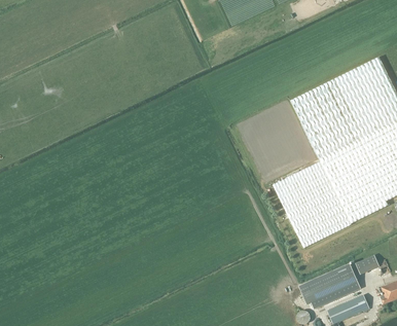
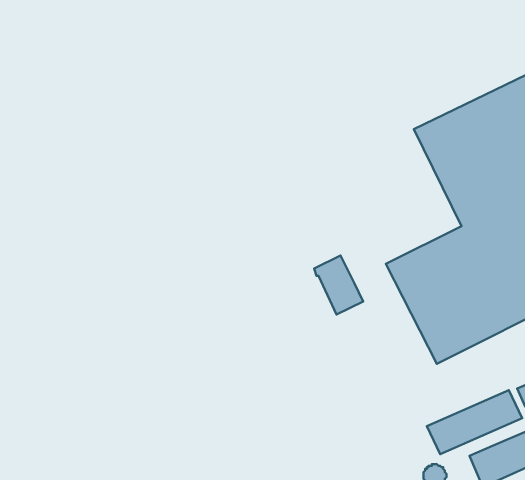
building: none -> [314,255,363,314]

